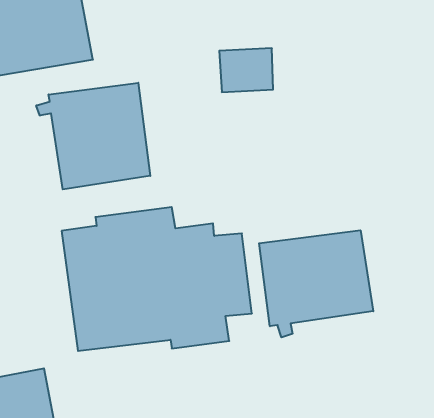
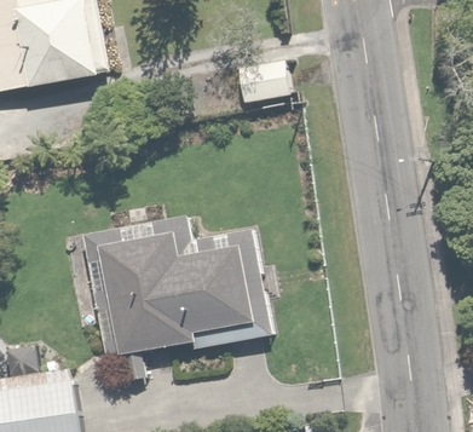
building: [36,83,150,189] -> none
building: [259,230,373,337] -> none

